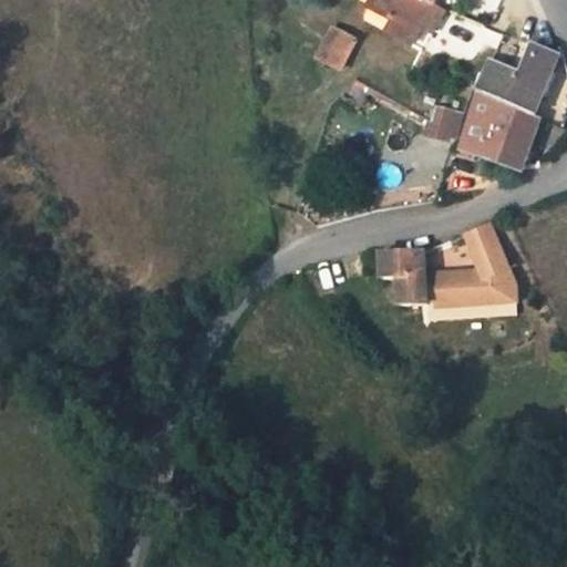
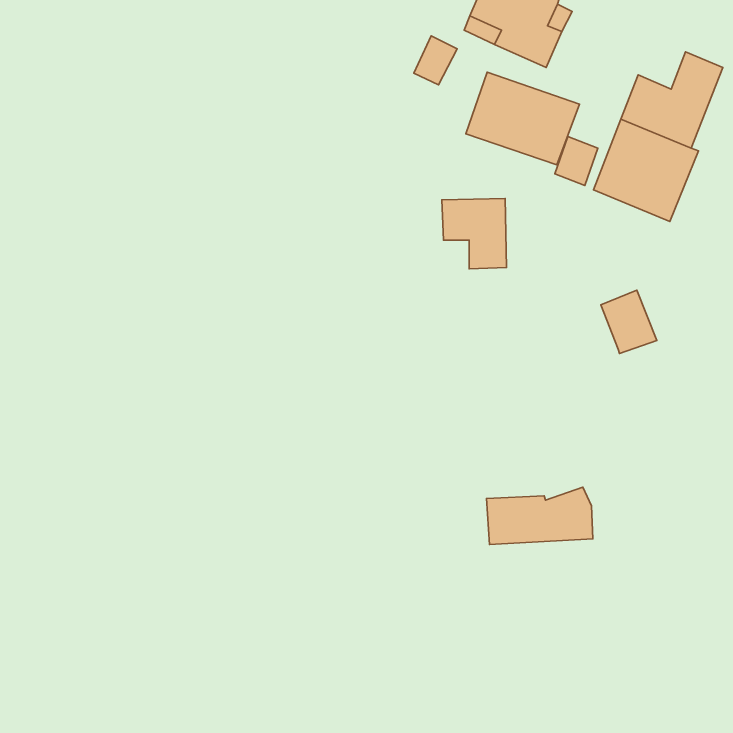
building: none -> [466,72,579,165]
building: [375,249,425,303] -> [442,198,507,269]
building: [432,262,514,307] -> [487,487,593,545]

